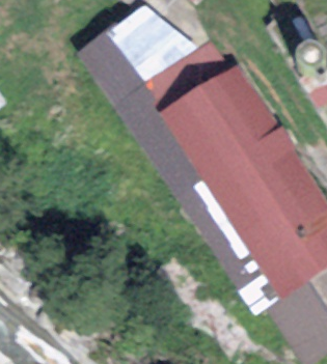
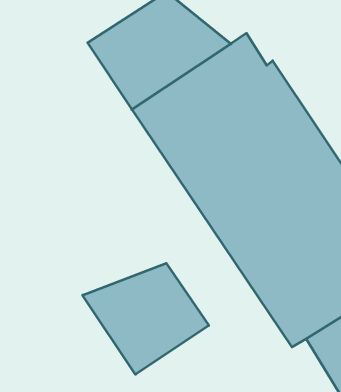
building: none -> [83,263,209,374]

